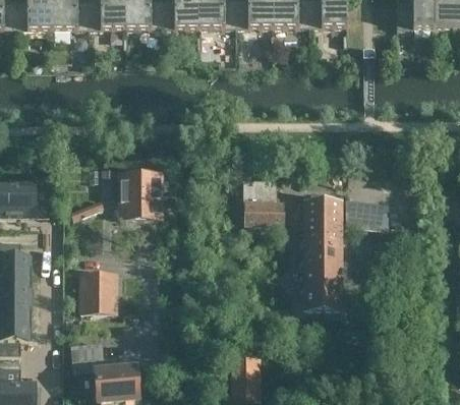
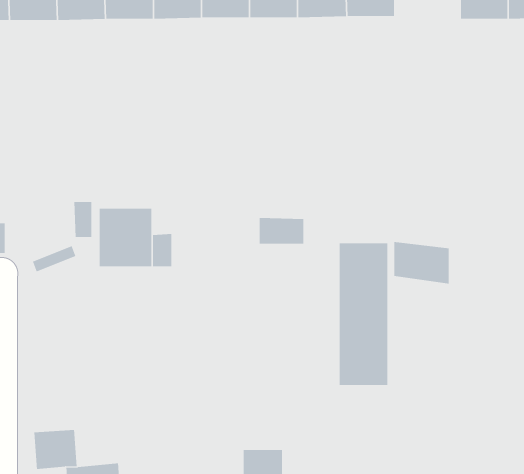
building: [247,201,287,221] -> none
building: [80,270,115,310] -> none

